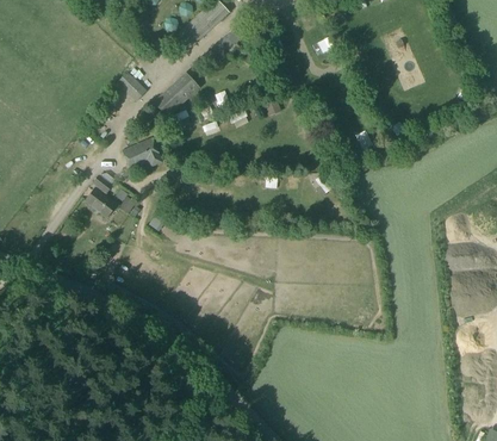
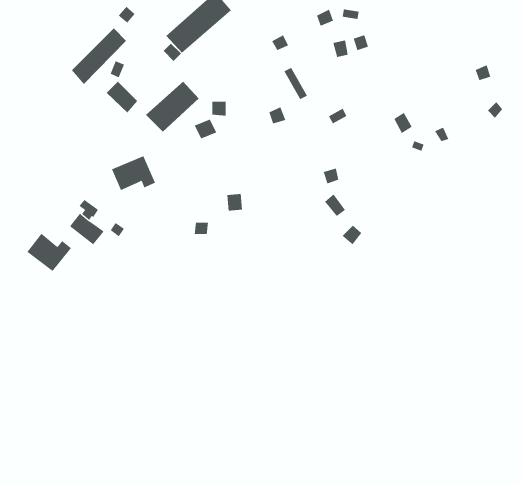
building: none -> [71,27,127,85]
building: none -> [26,233,72,272]

